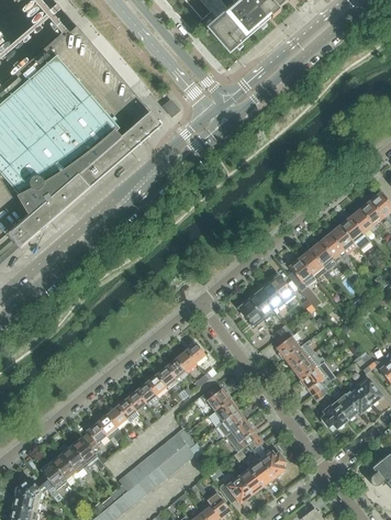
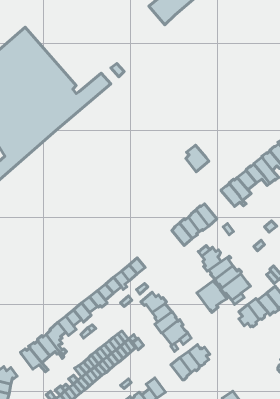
building: [287,258,315,291] -> [186,145,209,172]
building: none -> [197,281,227,312]
building: [37,462,65,497] -> none
building: [219,475,250,502] -> none

